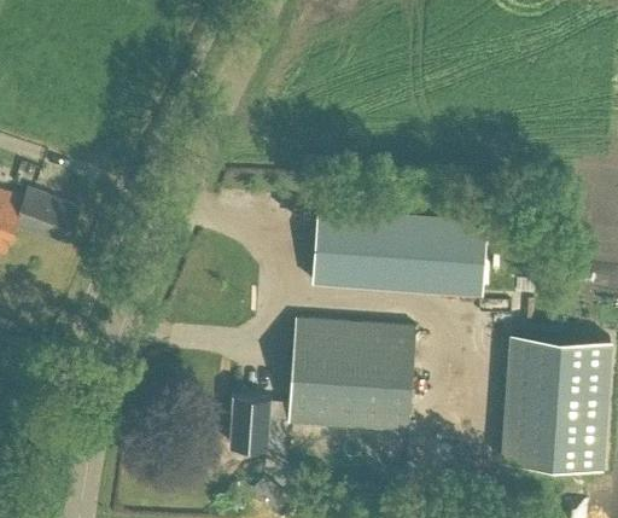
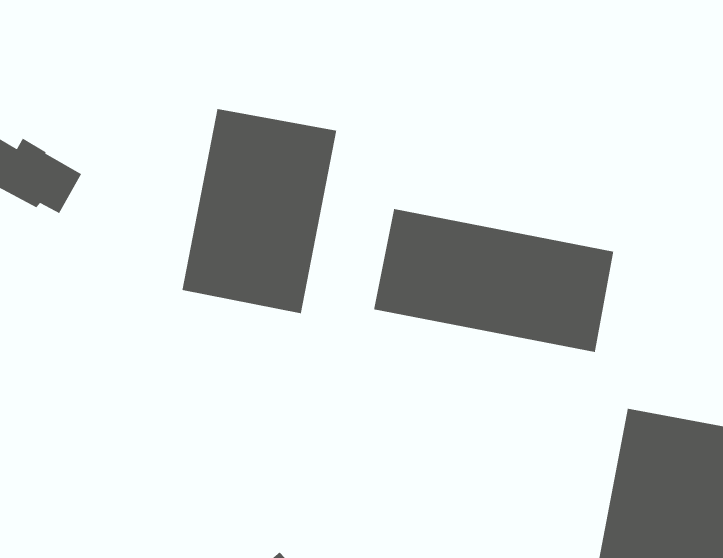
building: none -> [181,108,337,314]
building: [232,321,416,452] -> none

